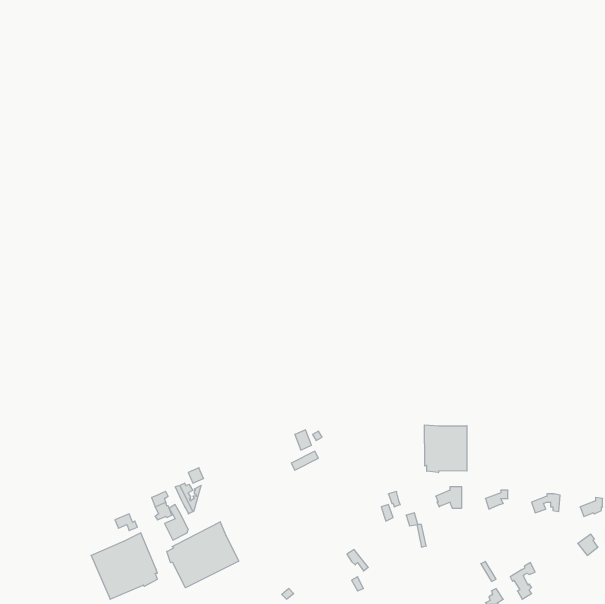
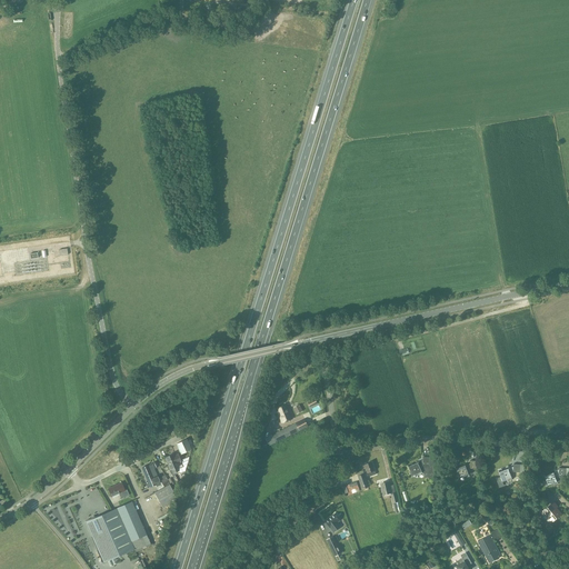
building: [424,425,467,473] -> none
building: [167,522,239,588] -> none

